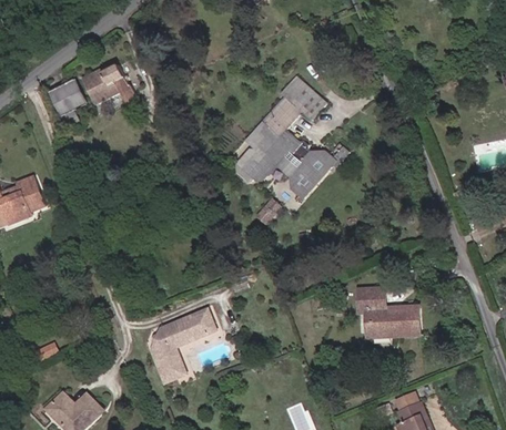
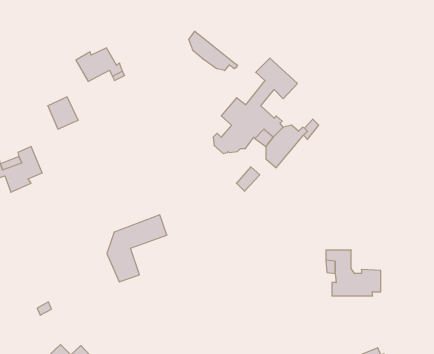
building: none -> [189,31,238,71]
building: [53,79,87,114] -> [48,97,78,129]
building: [150,311,215,385] -> [107,215,167,282]

